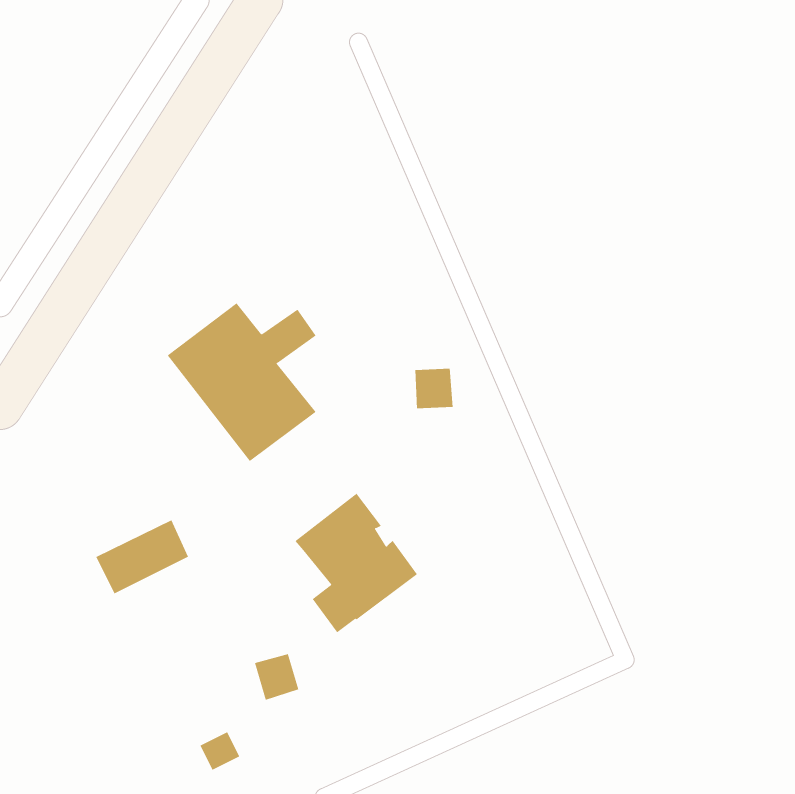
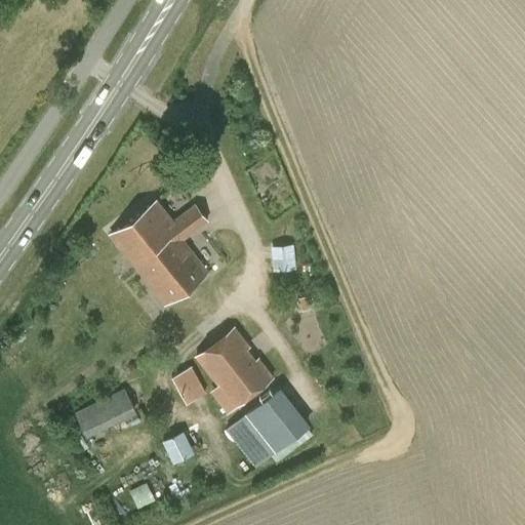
building: [95,519,189,594] -> [75,390,136,439]
building: none -> [176,365,208,399]
building: none -> [226,393,306,470]

